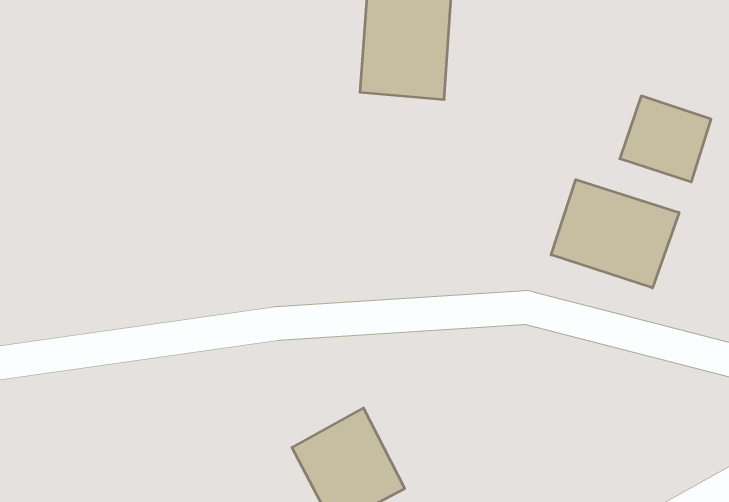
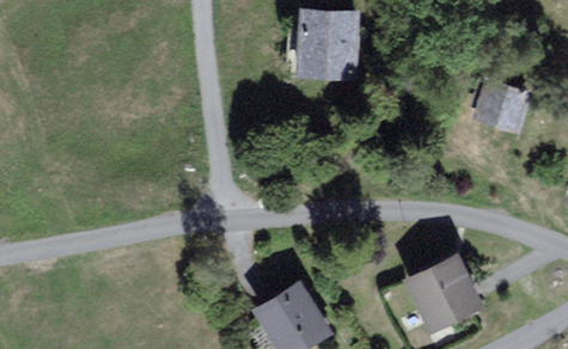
building: [551,180,679,288] -> none
building: none -> [407,253,484,330]

